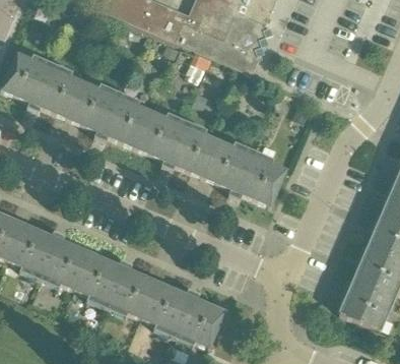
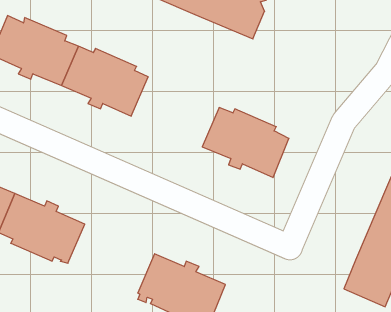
building: [135,110,219,177] -> none
building: [74,251,157,317] -> none

